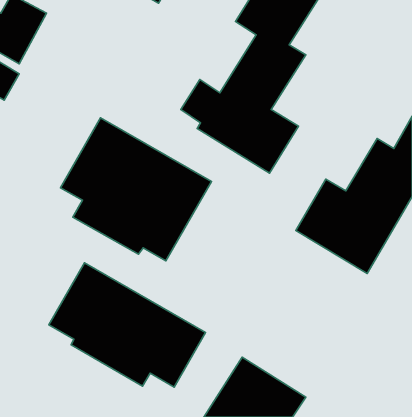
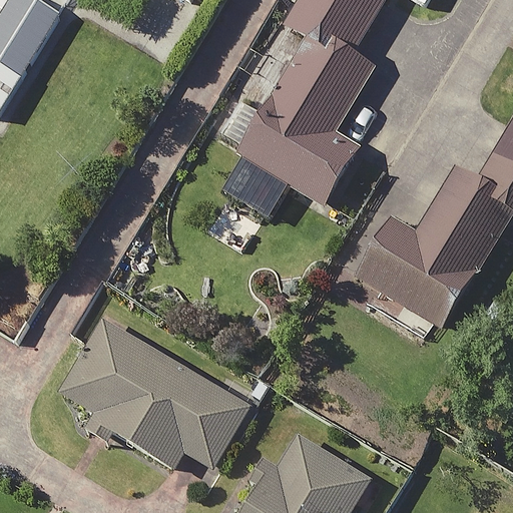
building: [60,118,211,261] -> none

